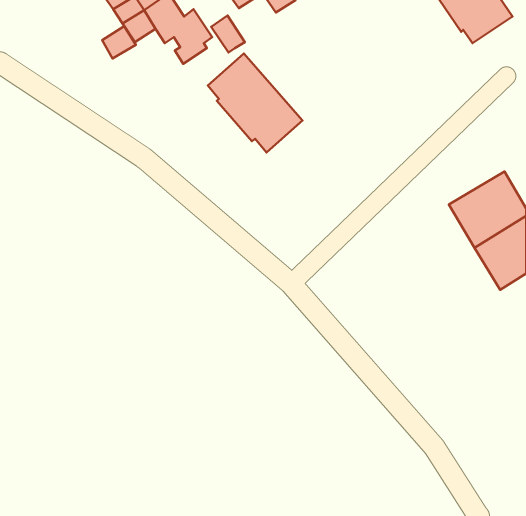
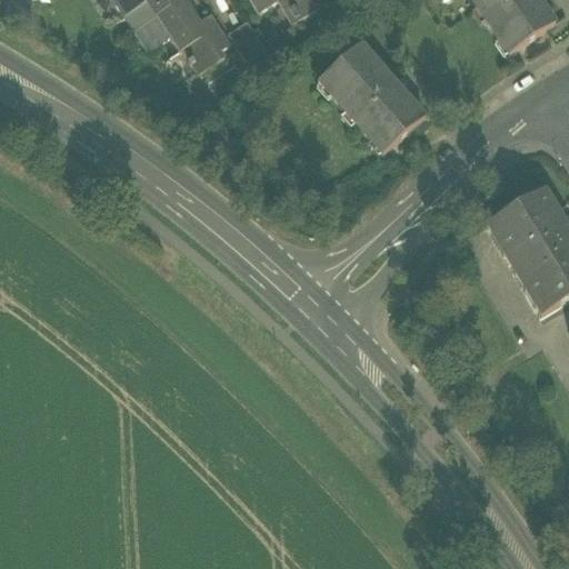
building: [102,26,136,58] -> none
building: [208,54,302,152] -> [321,40,423,147]

